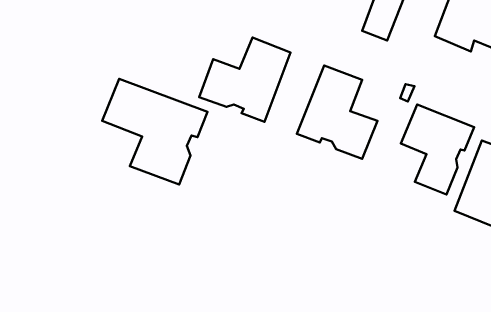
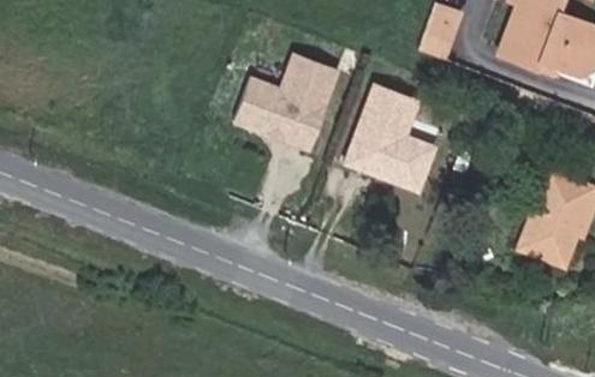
building: [102,79,207,184] -> none
building: [401,104,474,194] -> none

